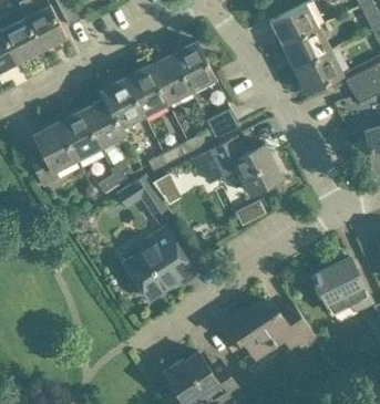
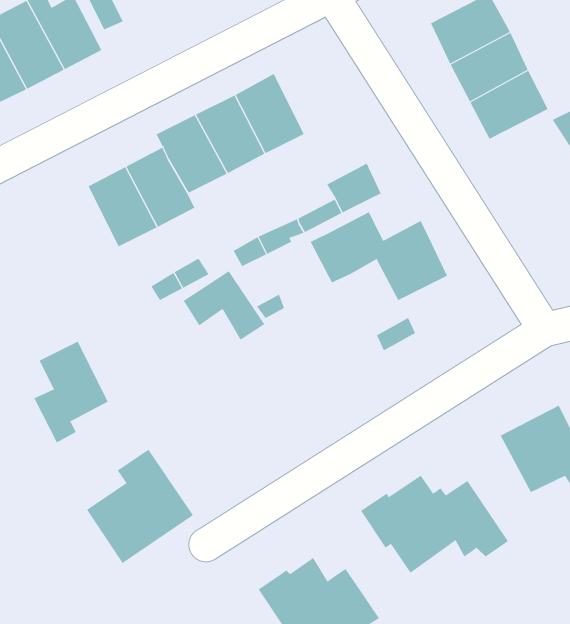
building: [173,42,215,91] -> none
building: [30,123,76,186] -> [33,341,109,443]
building: [126,229,193,300] -> [86,449,194,564]

